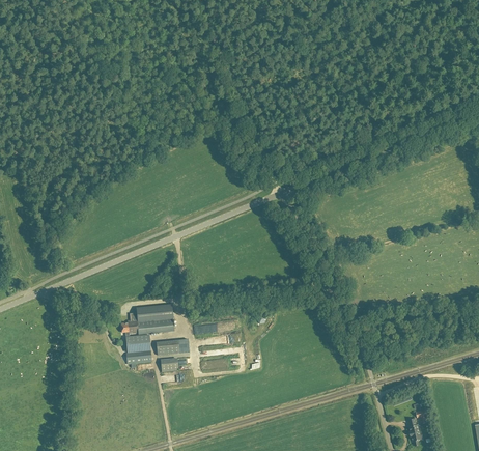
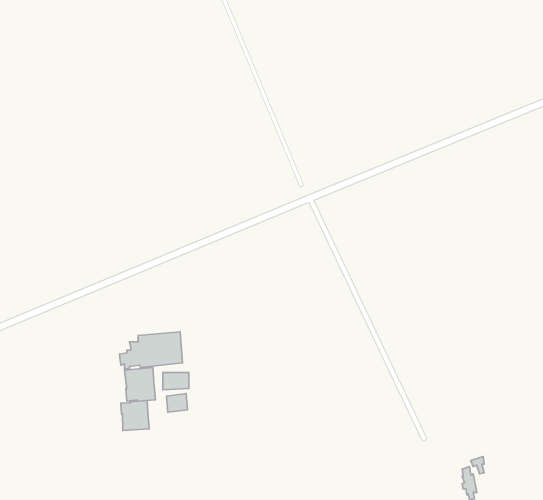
building: none -> [121,400,149,431]

